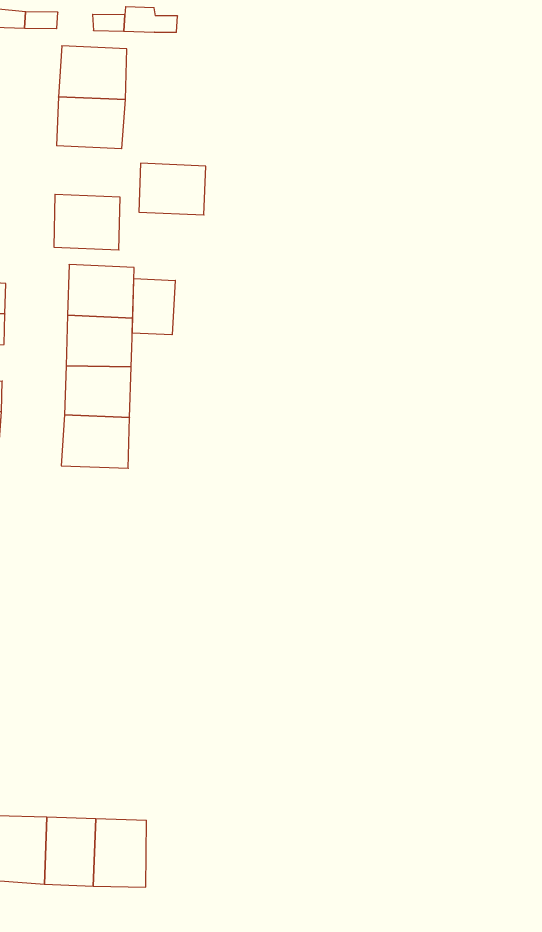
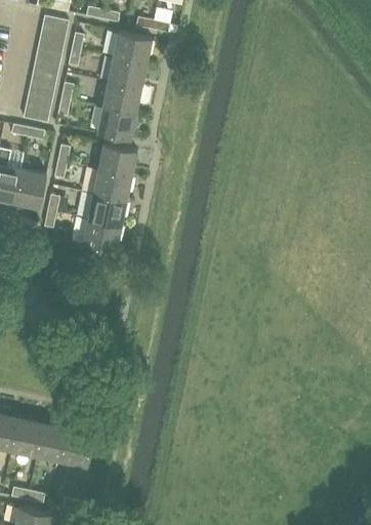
building: [139,163,206,215] -> [101,82,139,114]
building: [132,279,175,335] -> none

